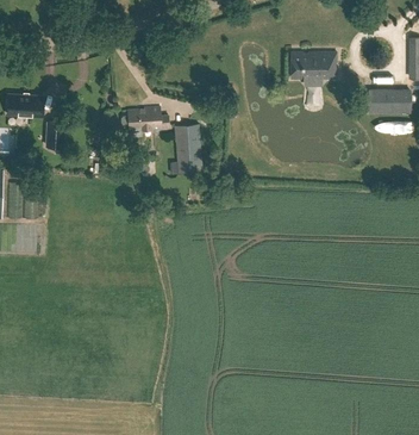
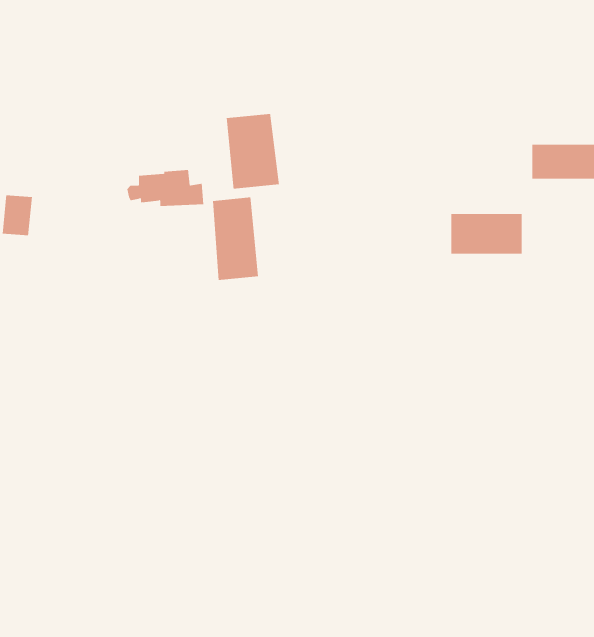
building: [290,54,334,79] -> [451,213,523,254]
building: none -> [226,113,280,189]

